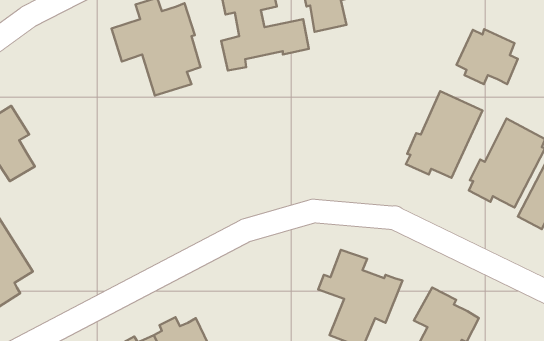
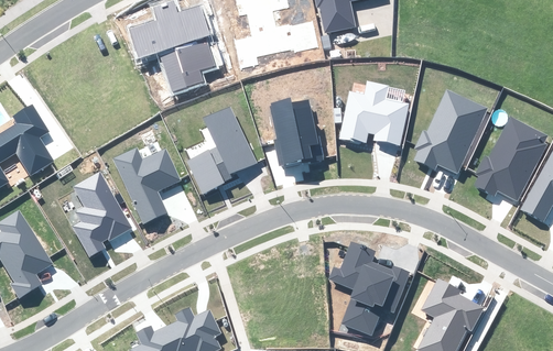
building: [457,29,518,84] -> none
building: none -> [337,80,409,145]
building: none -> [270,98,324,167]
building: none -> [186,106,258,195]
building: none -> [112,146,181,223]
building: none -> [72,171,133,256]

